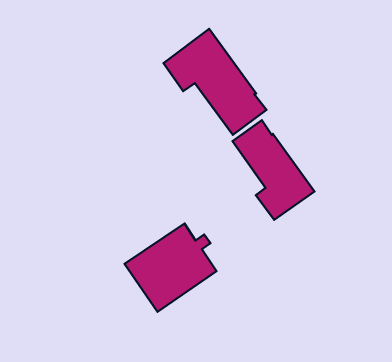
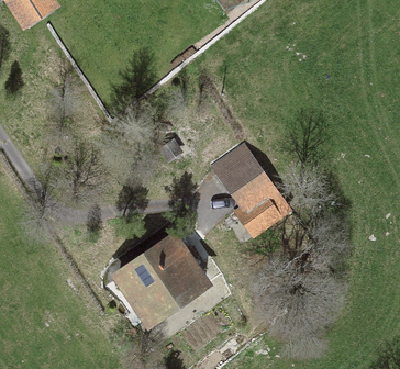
building: [164,29,266,135] -> none

